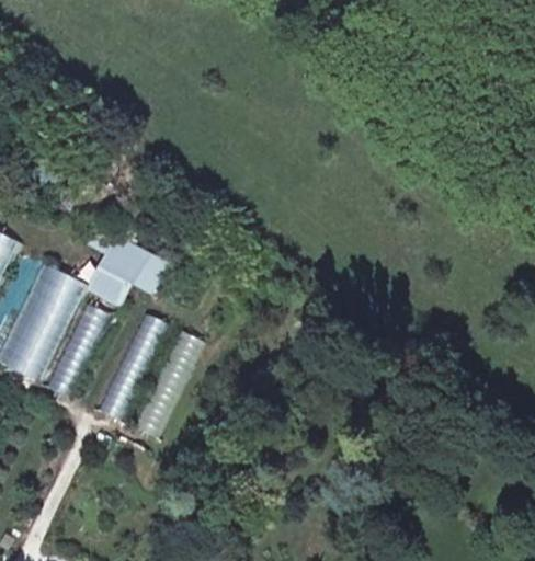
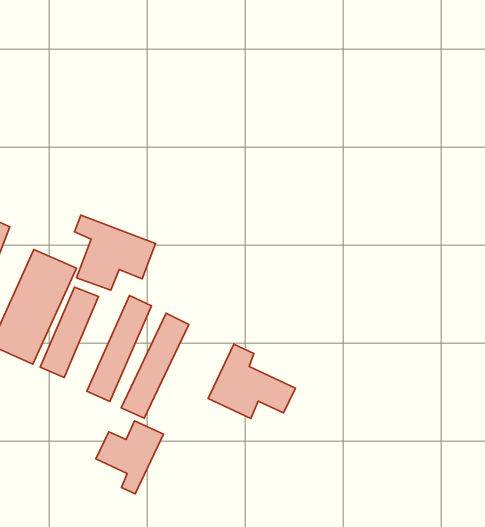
building: none -> [208,344,296,419]
building: none -> [96,421,163,494]

